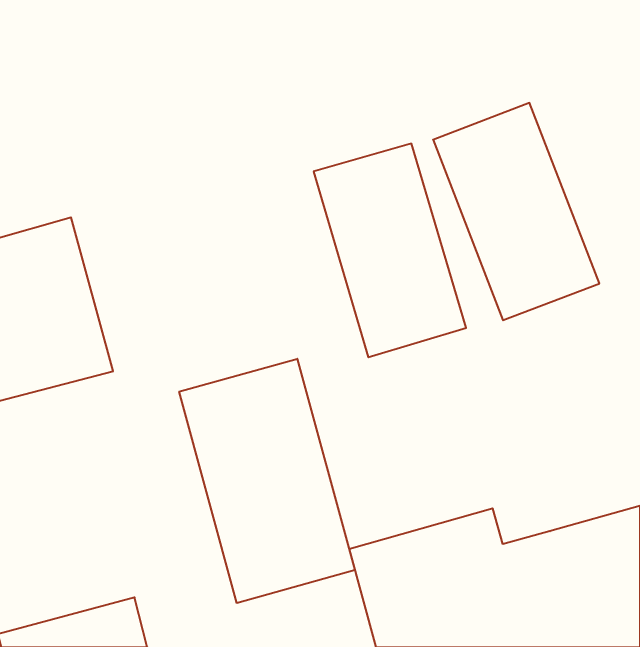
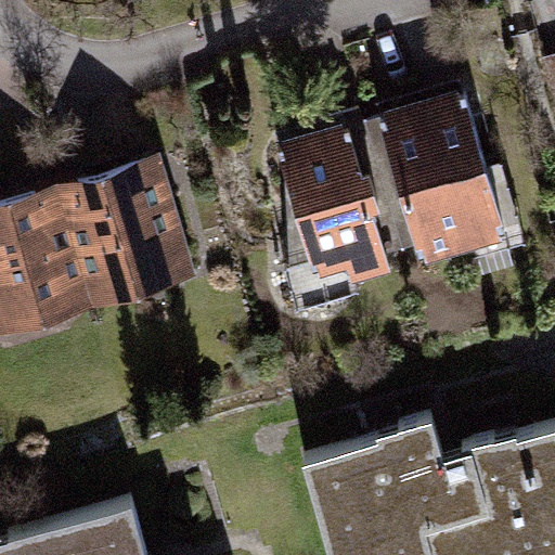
building: none -> [61,158,199,317]
building: [179,359,355,603] -> none

